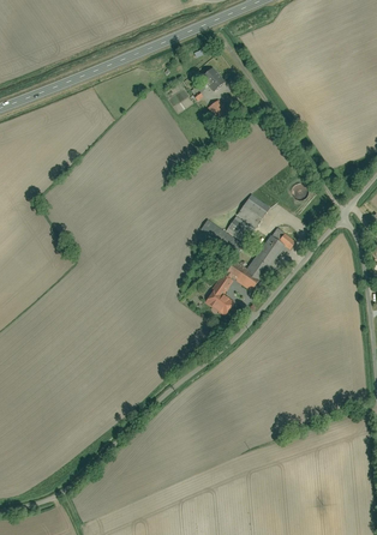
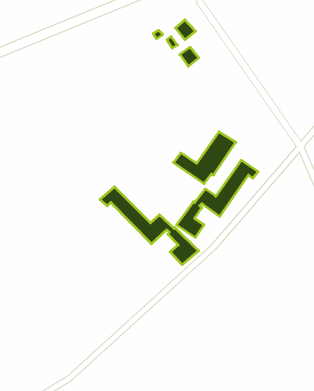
building: none -> [100,187,199,265]

